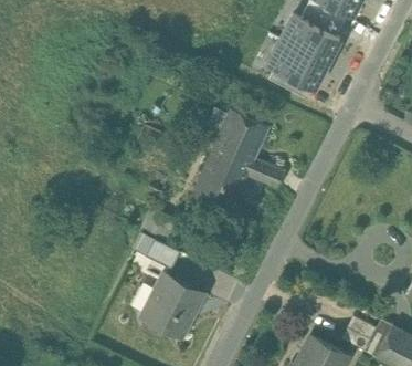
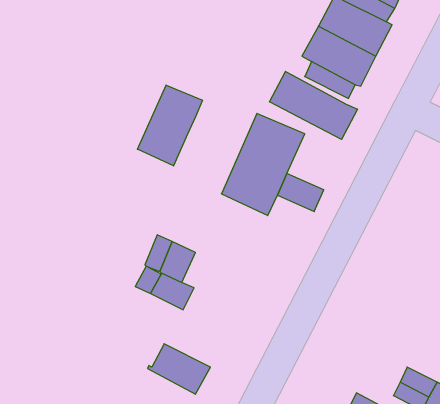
building: none -> [270,71,357,139]
building: none -> [137,85,203,166]
building: [193,176,239,210] -> none
building: [155,275,203,316] -> none

